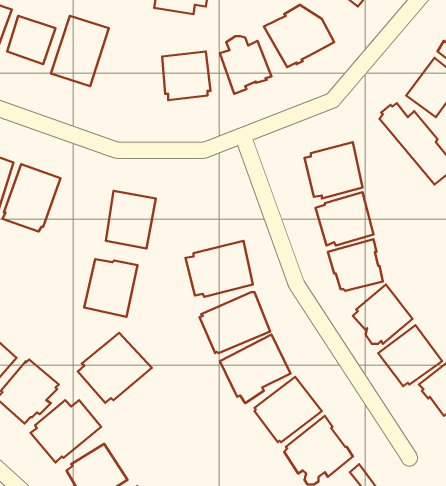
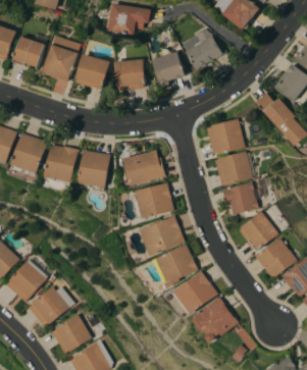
building: none -> [75,55,110,90]
building: none -> [122,150,165,187]
building: [84,259,138,317] -> [44,145,79,182]
building: [78,333,152,403] -> none

